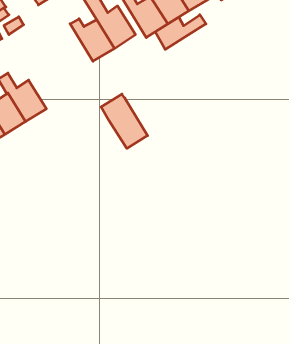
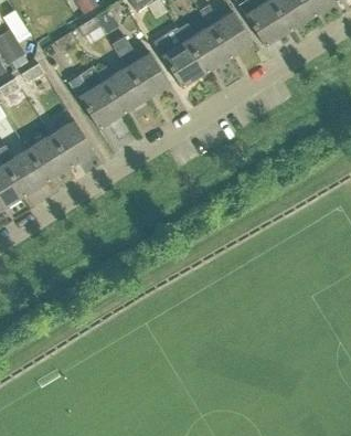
building: [155,15,206,49] -> none
building: none -> [50,120,94,167]
building: [101,94,148,148] -> [70,67,121,128]

